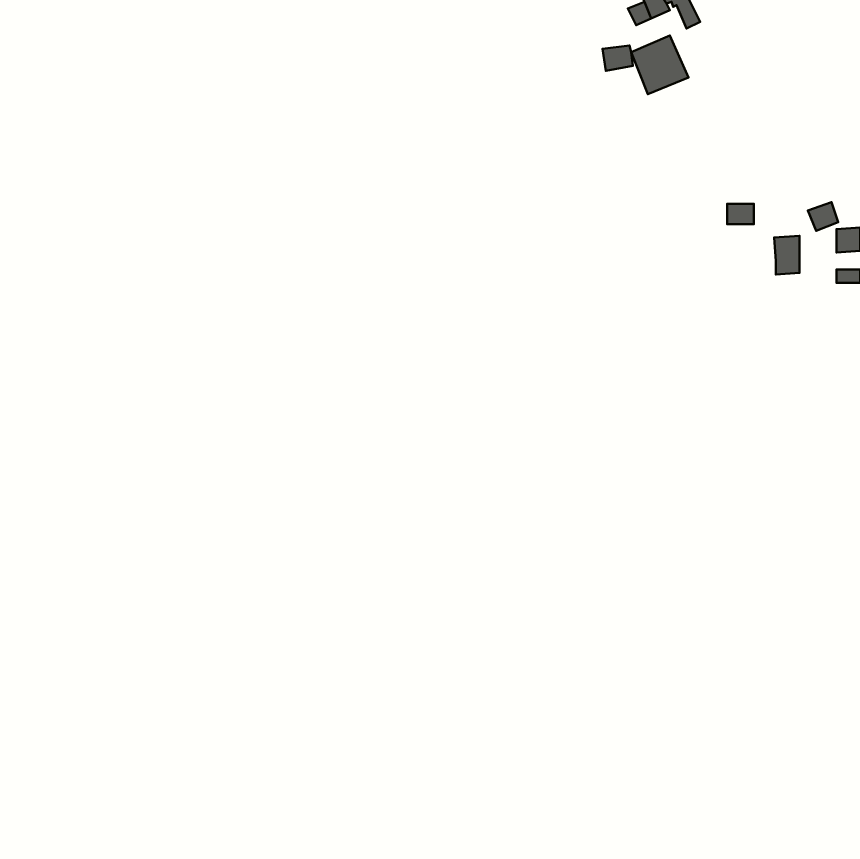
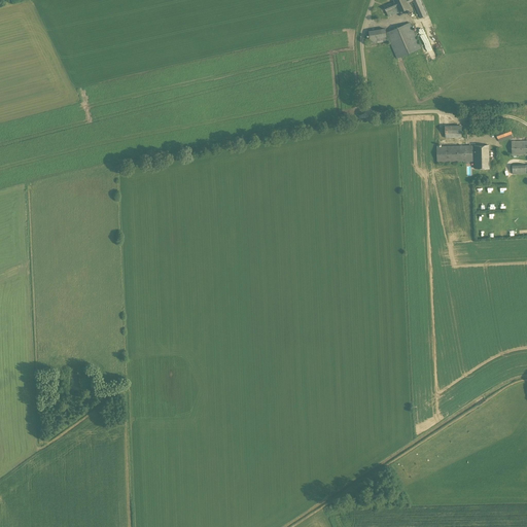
building: none -> [436,144,475,162]

